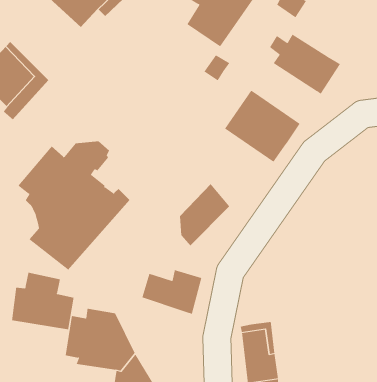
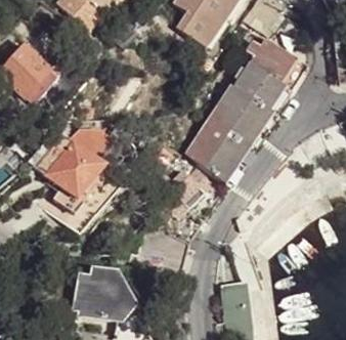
building: none -> [232,59,290,112]
building: none -> [184,115,249,180]
building: [12,272,74,330] -> none

